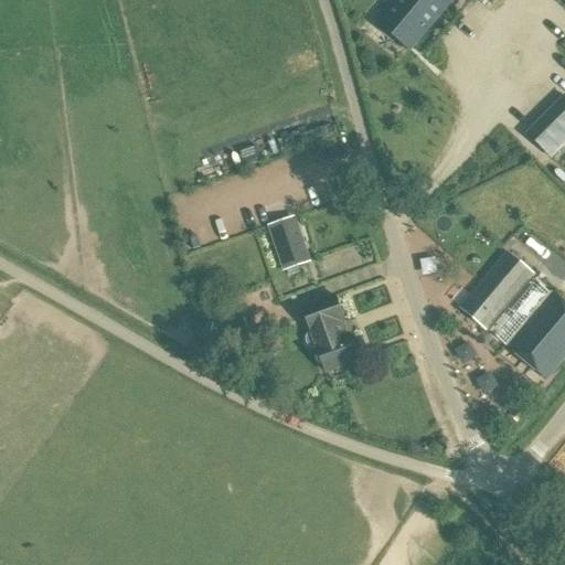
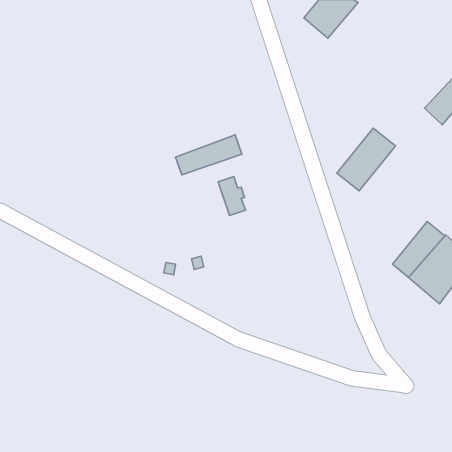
building: none -> [176,135,242,175]
building: [462,250,535,329] -> [337,128,395,191]
building: [305,295,362,372] -> none

